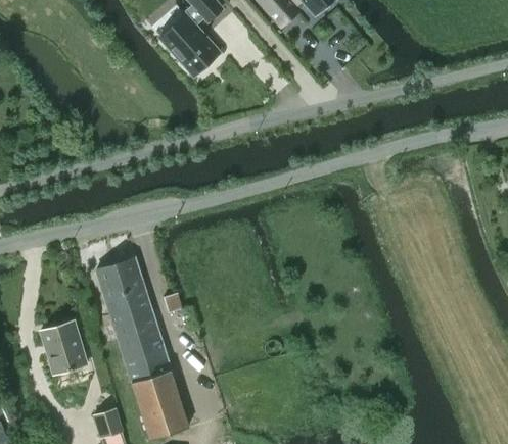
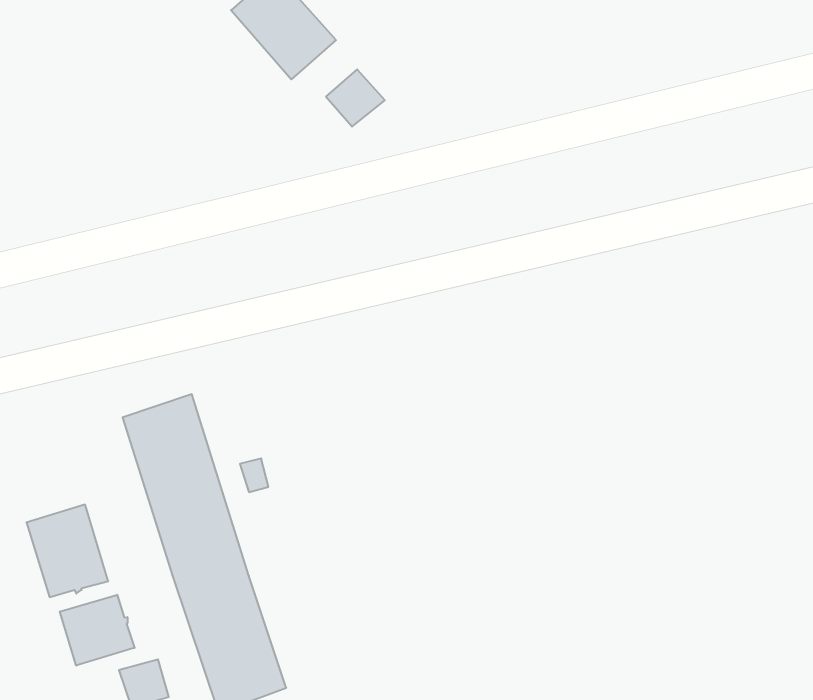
building: none -> [326,69,385,127]
building: none -> [60,595,135,666]

